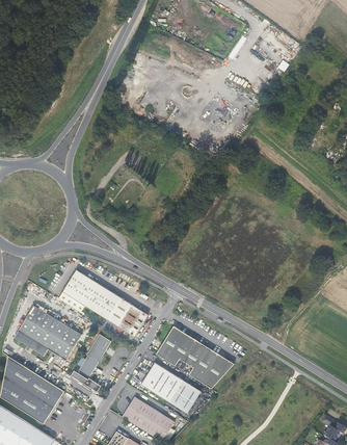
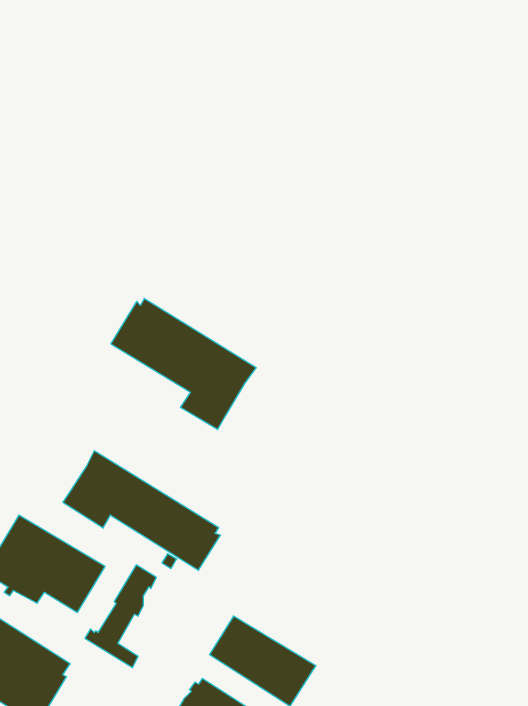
building: none -> [111,298,256,429]
building: [155,324,233,388] -> none

